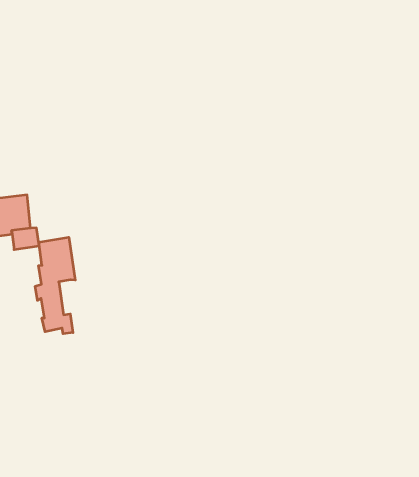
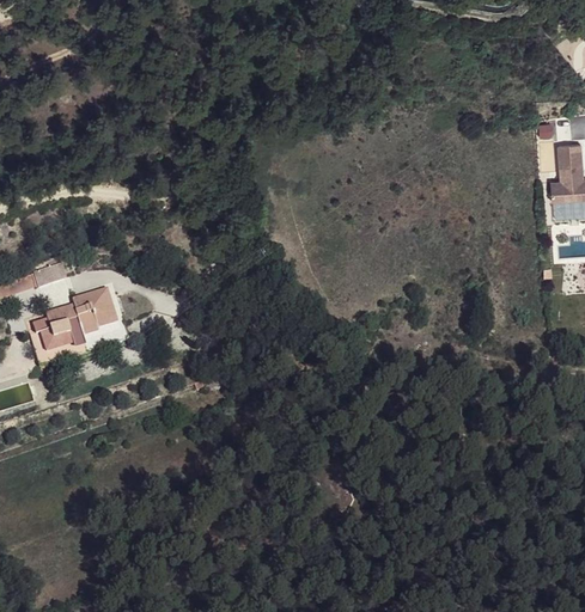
building: [35,237,75,334] -> none

